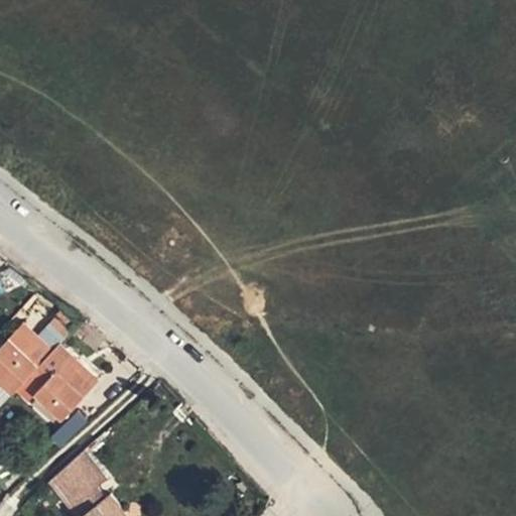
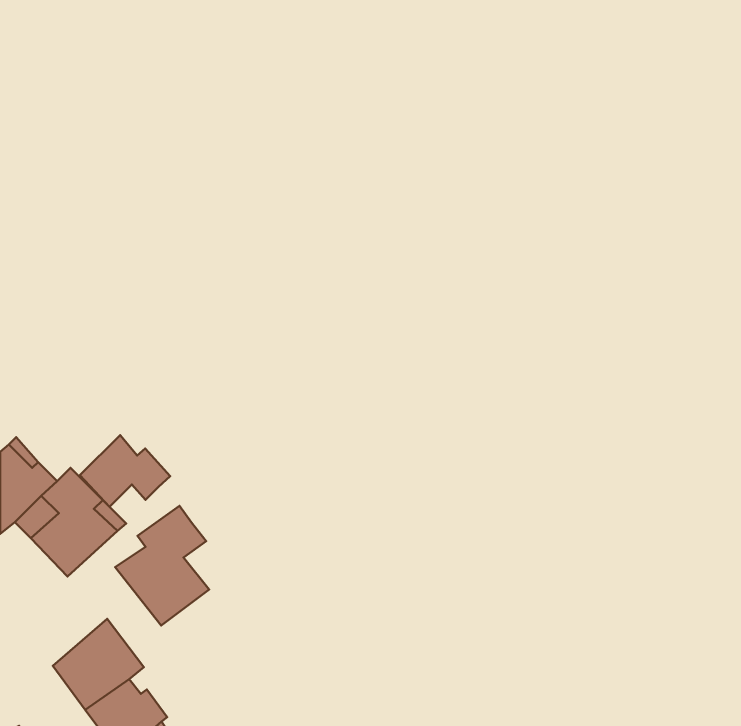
building: none -> [80,435,170,507]
building: none -> [115,506,209,625]

